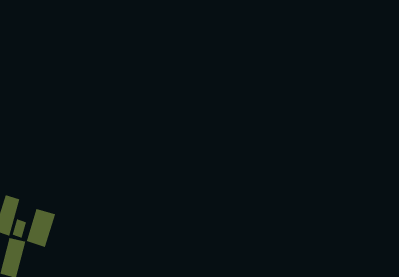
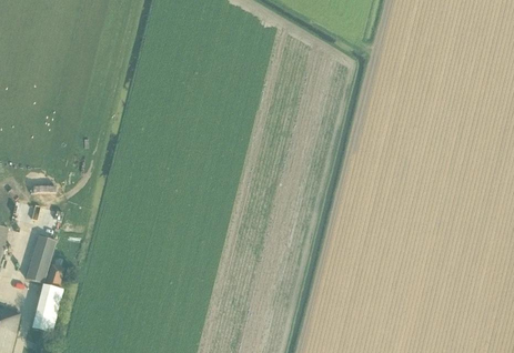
building: [26,208,56,248] -> none

